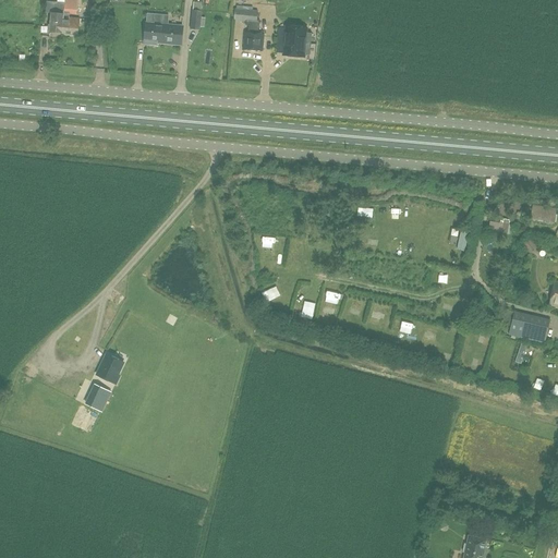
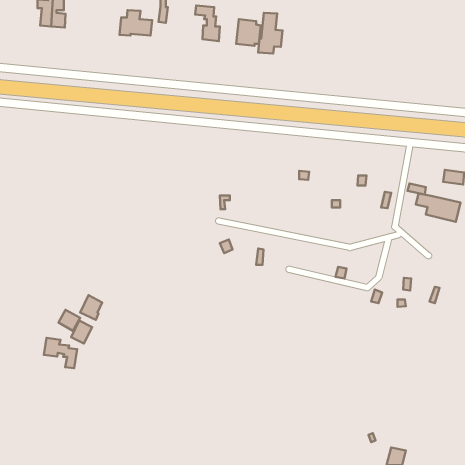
building: none -> [258,13,283,54]
building: [496,307,549,341] -> [416,194,460,222]
building: none -> [44,338,77,368]

